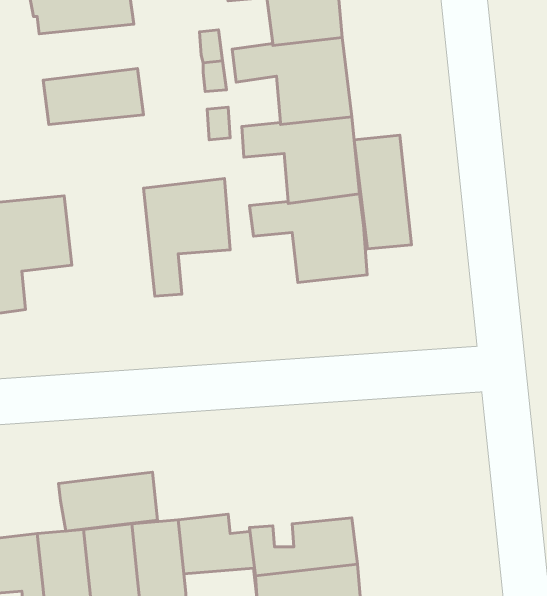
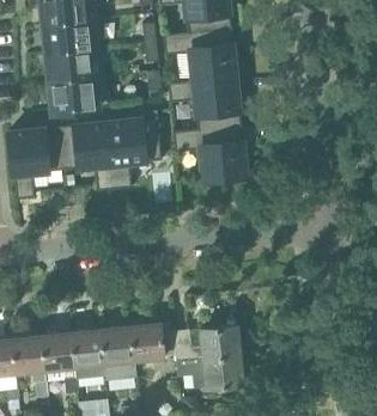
building: none -> [42,19,103,54]
building: none -> [48,75,109,112]
building: [354,135,412,249] -> none
building: none -> [57,121,114,190]
building: [59,472,157,531] -> none

